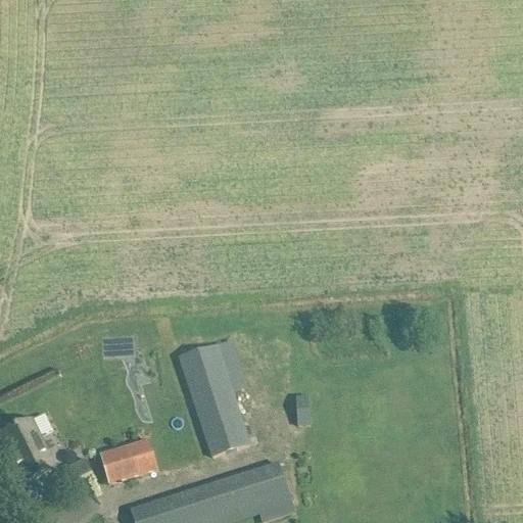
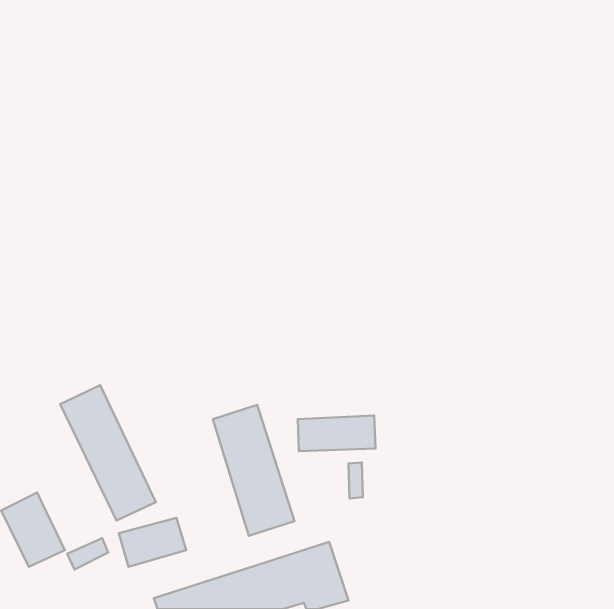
building: none -> [60,385,156,521]
building: none -> [298,415,376,451]

